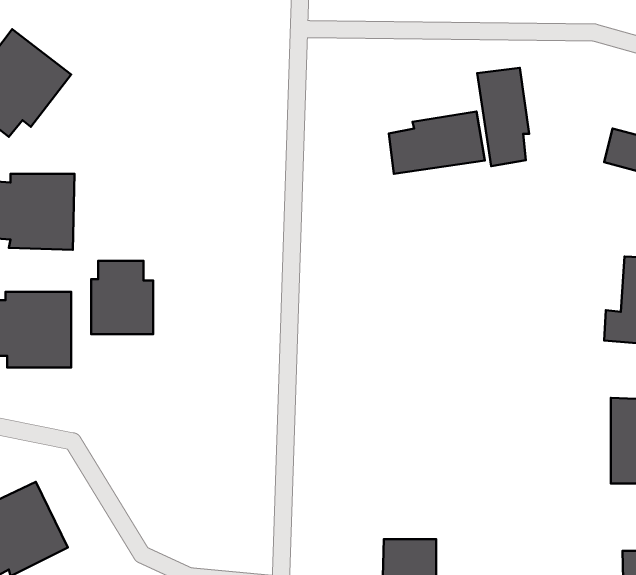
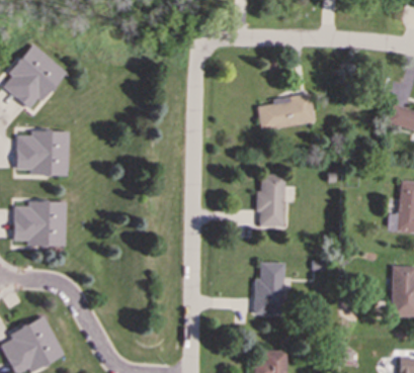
building: [477,68,529,166] -> none
building: none -> [256,174,285,226]
building: [91,261,153,334] -> none
building: none -> [254,262,284,314]

